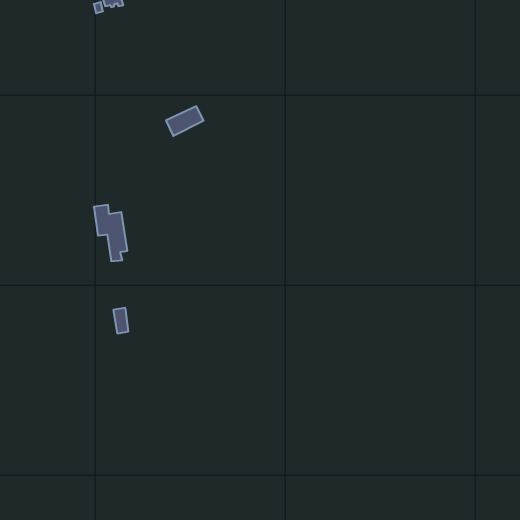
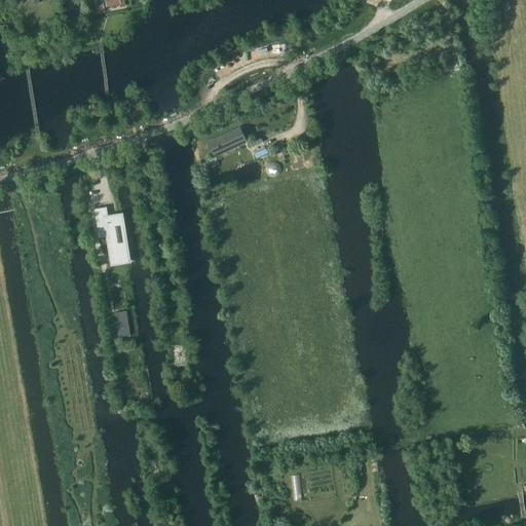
building: [166,106,204,136] -> [208,126,246,156]

